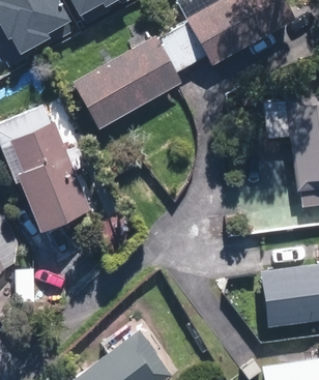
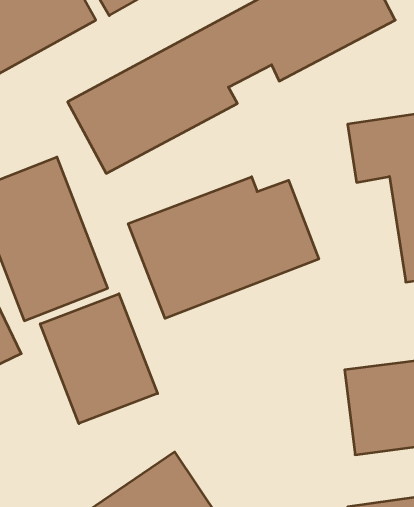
building: none -> [128,177,319,318]
building: none -> [40,294,158,424]

